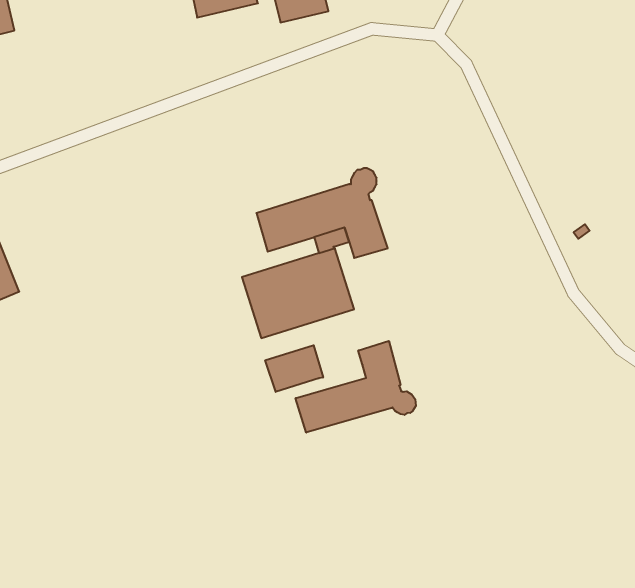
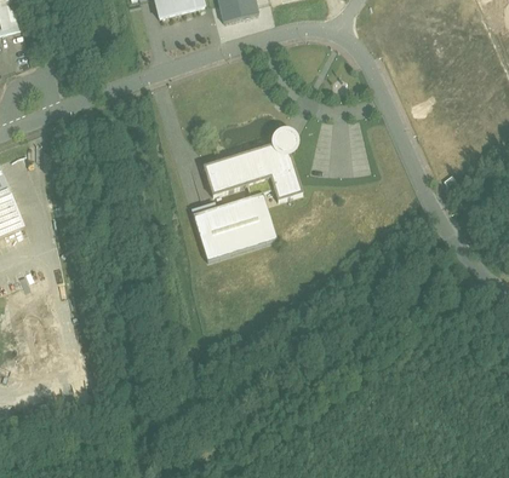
building: [296,341,416,433] -> none
building: [265,345,323,392] -> none

